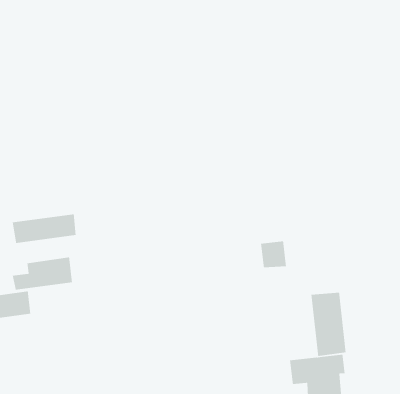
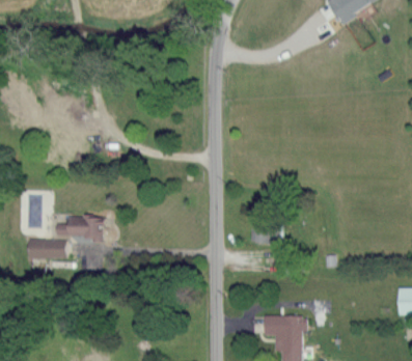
building: [12,213,77,244] -> none
building: [310,292,347,357] -> none

